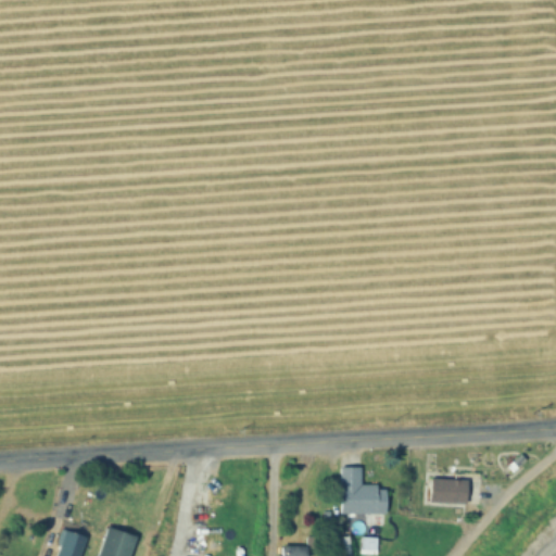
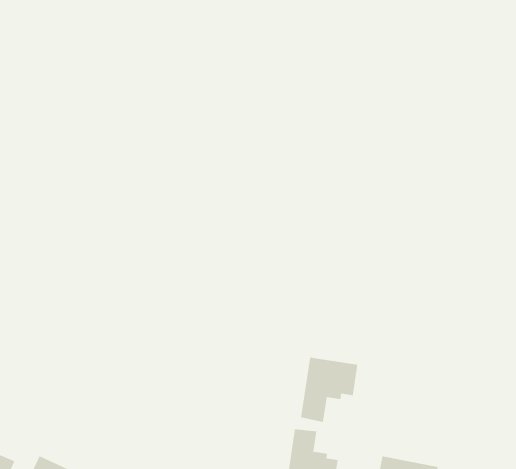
building: none -> [301,357,358,423]

